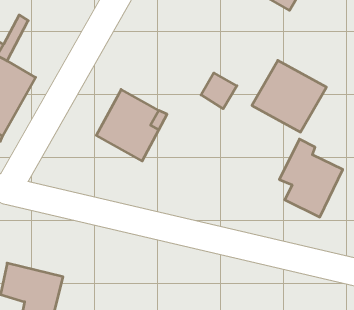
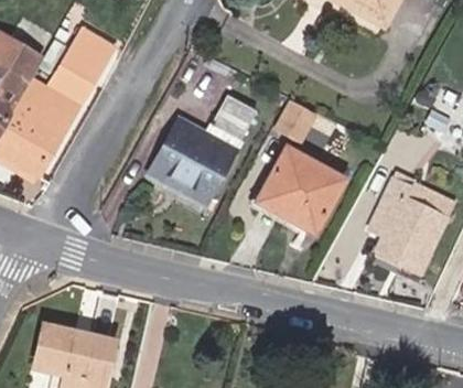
building: none -> [55,31,112,97]
building: [252,60,326,132] -> [257,147,346,233]
building: none -> [212,95,257,139]

